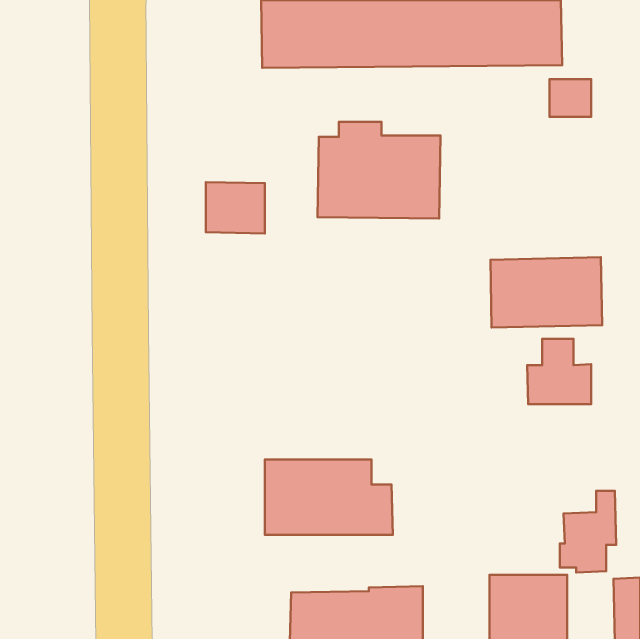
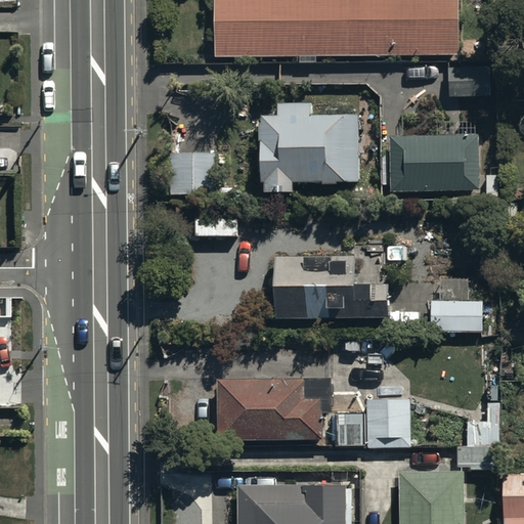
building: [490,257,602,328] -> [389,134,480,191]
building: none -> [274,253,386,317]
building: none -> [335,398,409,447]

